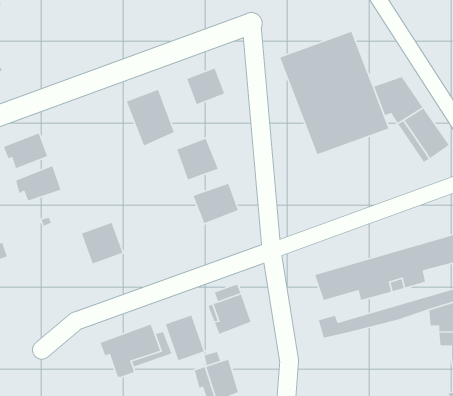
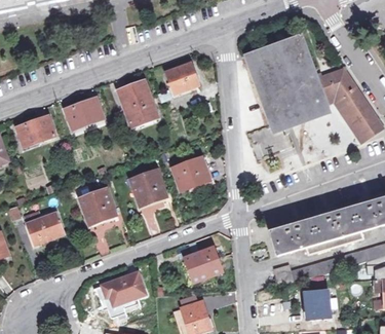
building: [176,138,219,181] -> [131,170,166,205]
building: [15,165,61,202] -> [66,97,104,126]
building: none -> [24,210,64,245]
building: [165,315,205,361] -> none
building: none -> [304,289,331,319]

